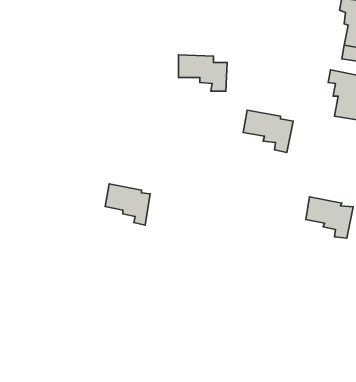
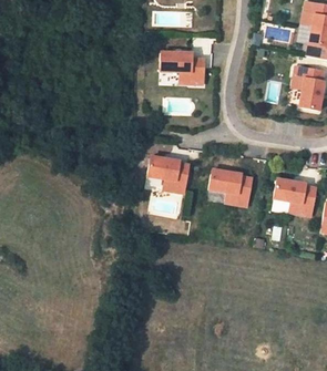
building: [243,110,293,152] -> [208,168,253,206]
building: [105,184,150,225] -> [149,156,188,193]

